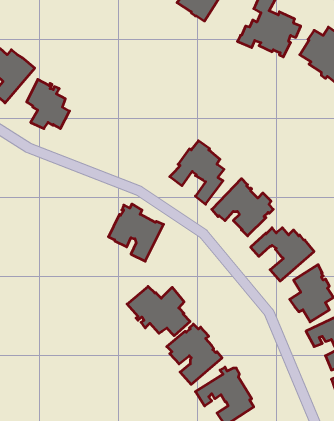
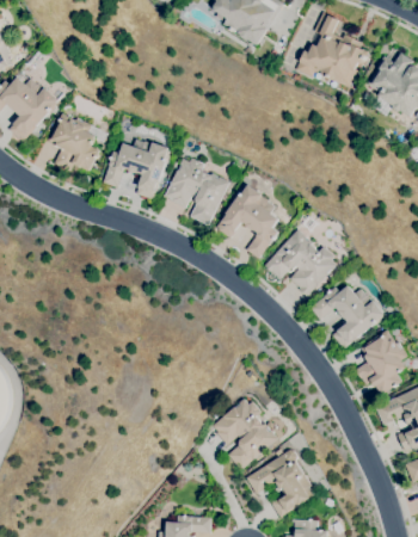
building: none -> [104,140,170,199]
building: [108,204,164,261] -> [165,158,229,224]
building: [127,286,190,336] -> none

